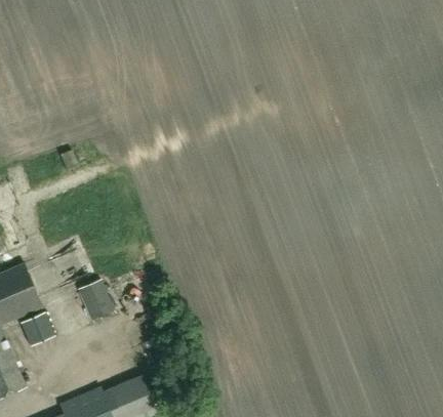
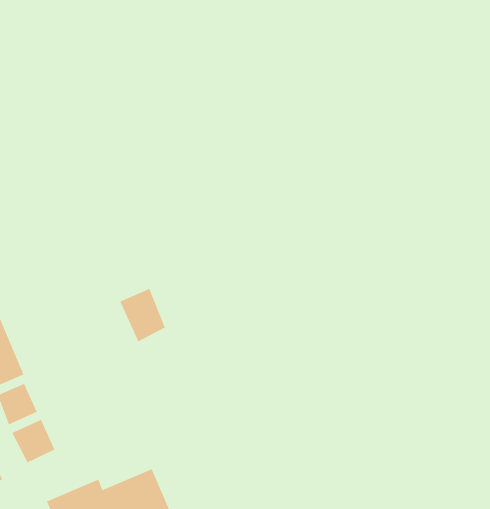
building: [76,281,112,323] -> [119,288,166,342]
building: none -> [11,419,55,463]

